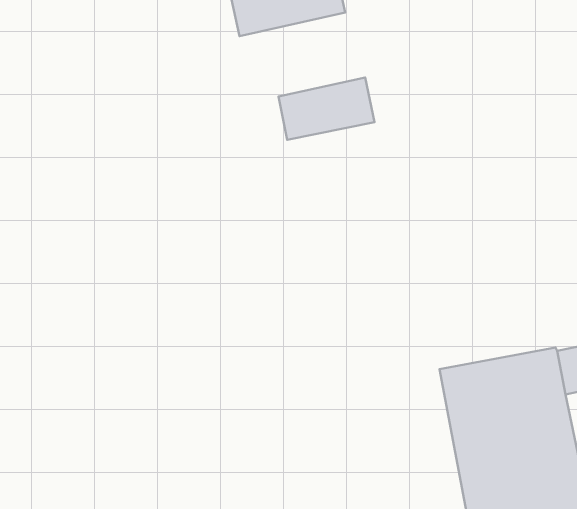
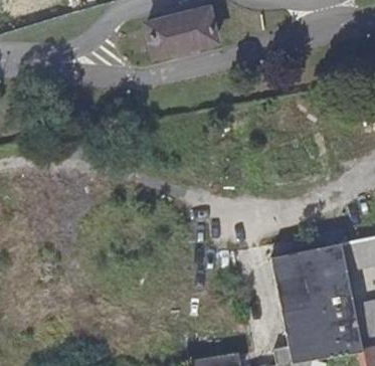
building: [278,78,375,140] -> none

